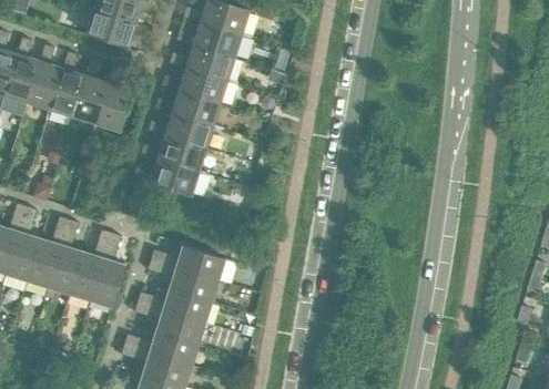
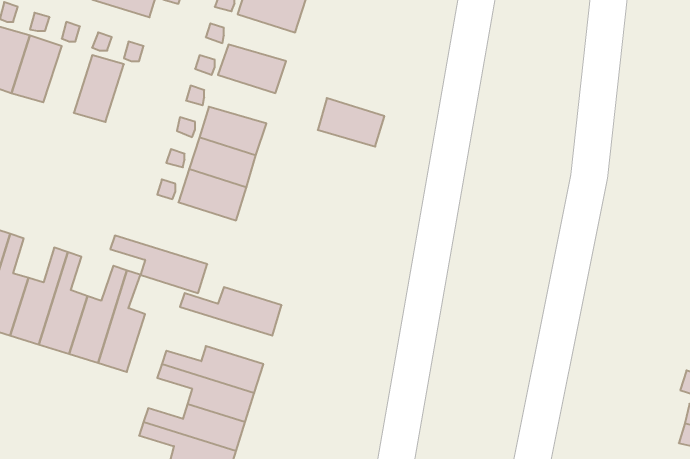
building: [185,47,234,81] -> none
building: [50,70,85,119] -> none
building: [95,83,132,133] -> none
building: [171,91,220,126] -> [318,98,384,147]
building: [146,260,217,303] -> [110,236,207,293]

